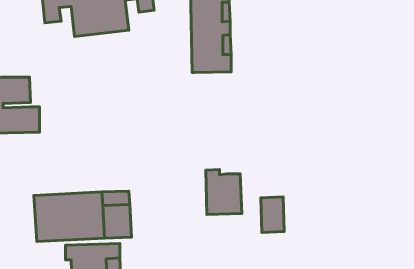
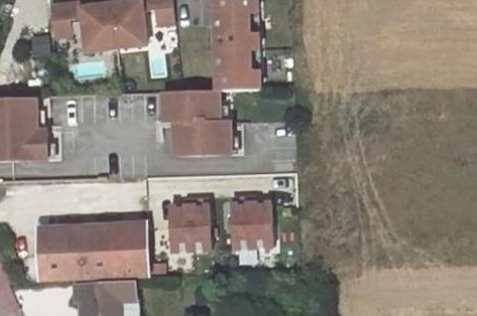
building: none -> [162,91,230,156]
building: none -> [170,199,210,251]
building: [261,197,284,233] -> none

